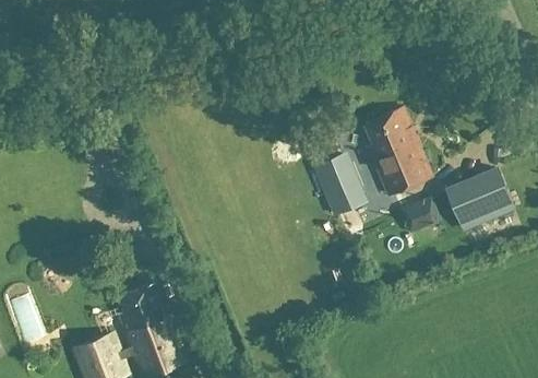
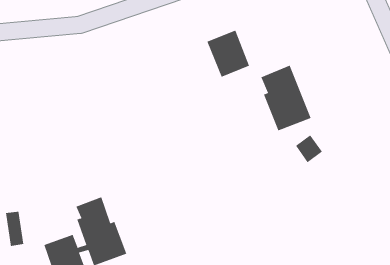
building: [314,150,372,213] -> [206,30,250,77]
building: [447,168,516,229] -> none

